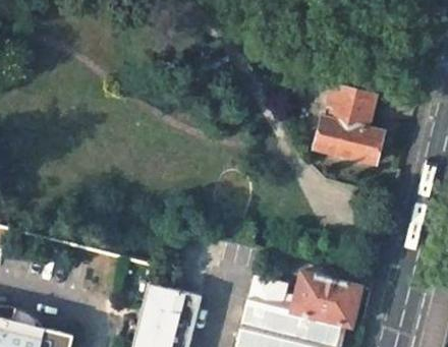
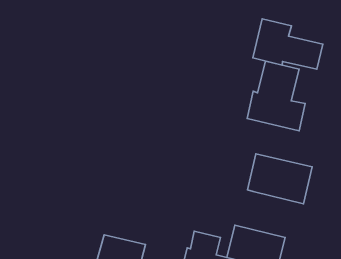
building: none -> [253,19,323,69]
building: none -> [248,154,312,204]

